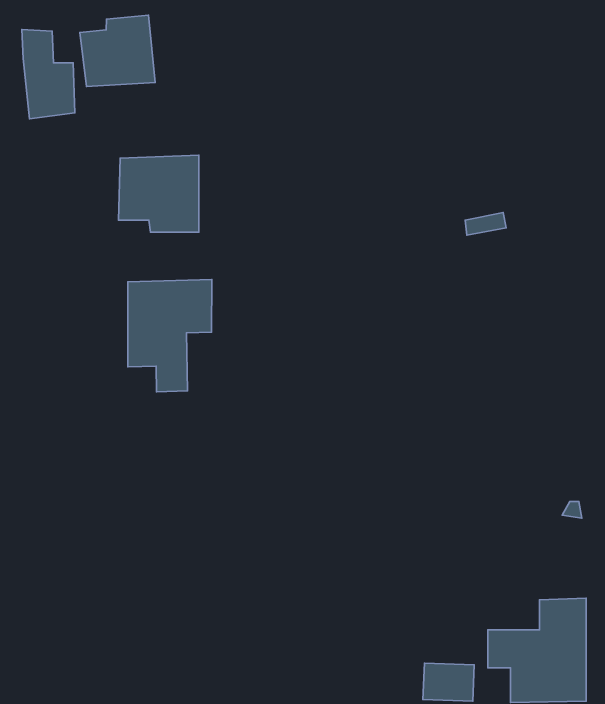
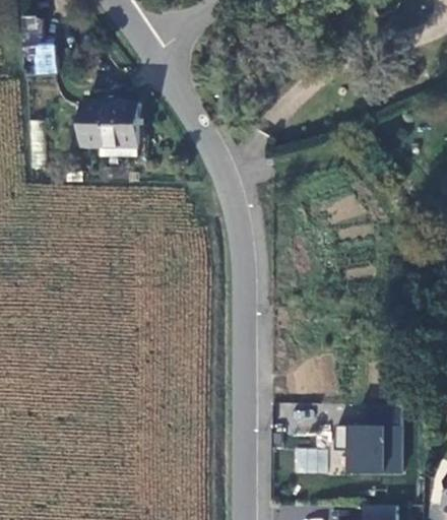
building: [80,15,155,87] -> none
building: [128,279,212,392] -> none

